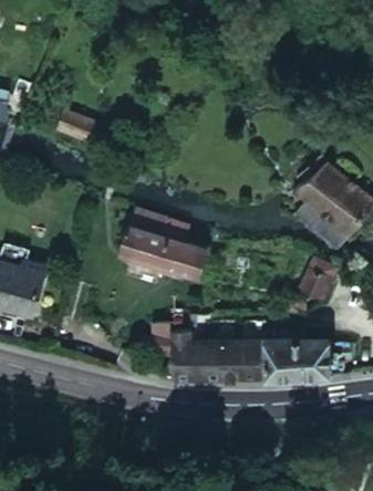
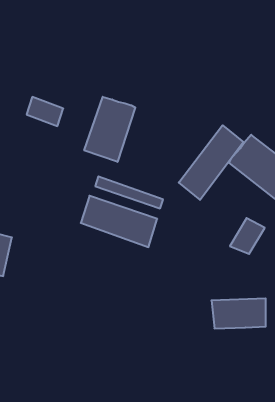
building: none -> [84,97,135,162]
building: none -> [179,125,244,200]
building: [170,333,271,379] -> none

